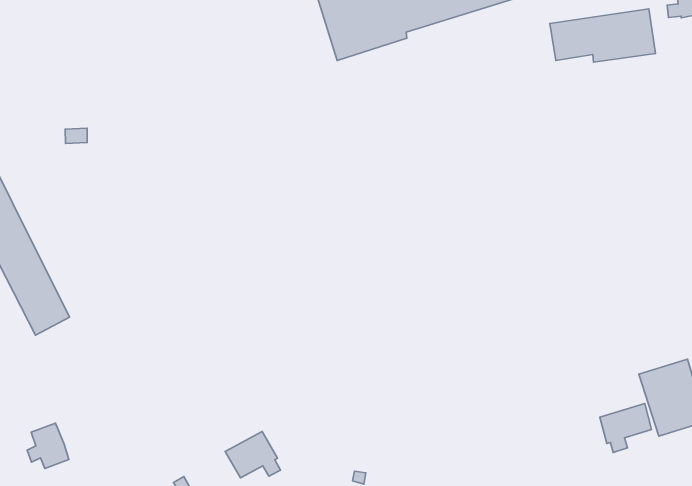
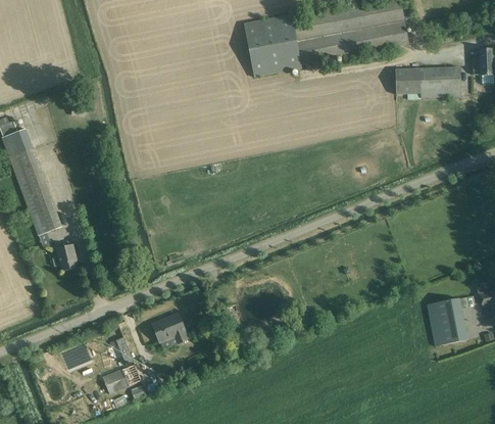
building: [600,403,651,453] -> none
building: [27,423,69,468] -> [52,242,79,271]

